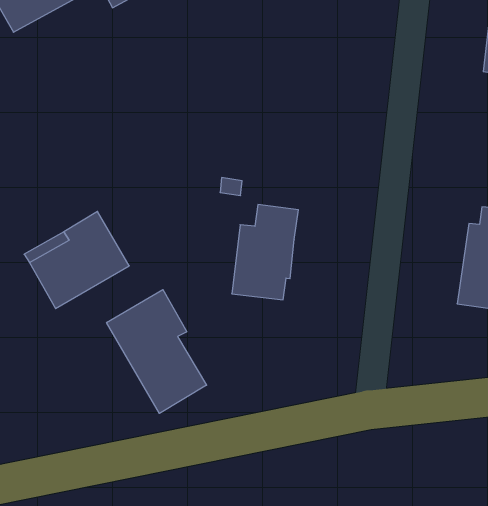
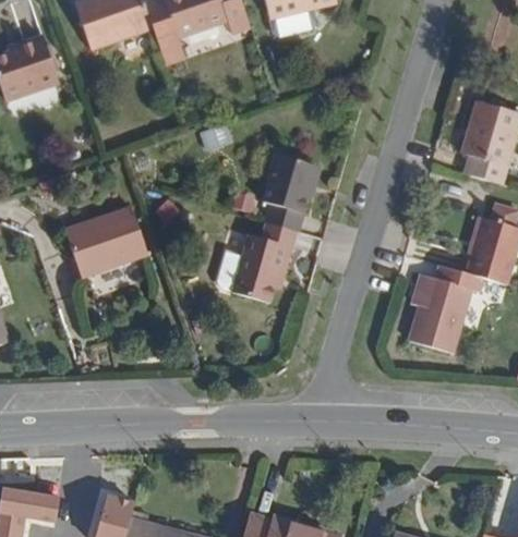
building: none -> [260,158,314,236]
building: [107,290,207,413] -> none

